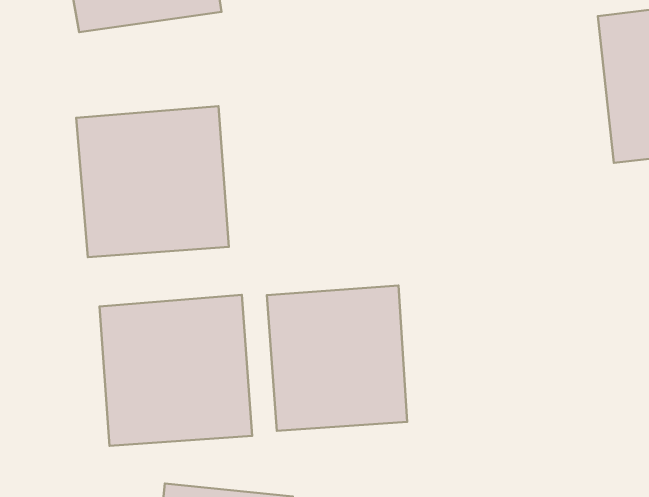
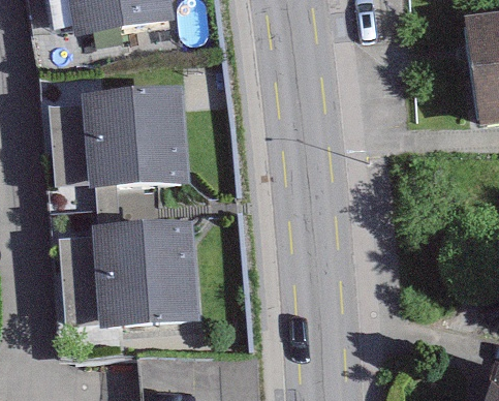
building: [267,286,407,431] -> none

